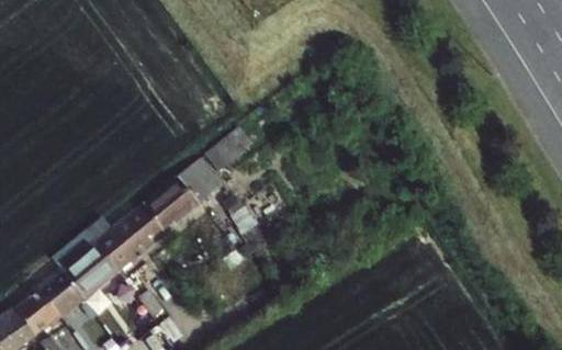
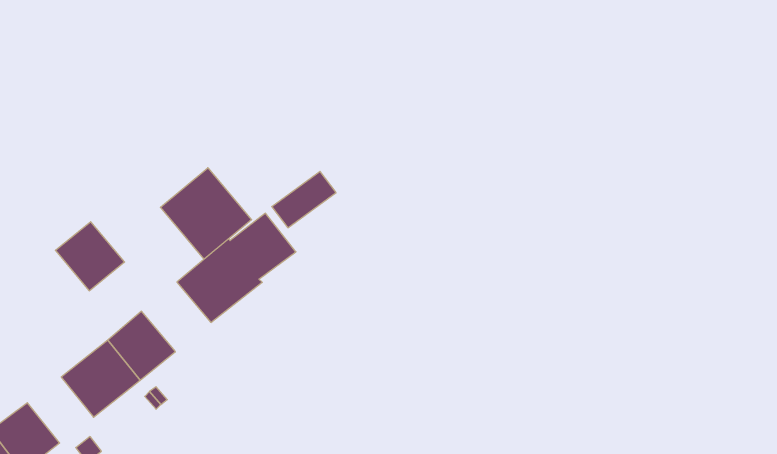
building: none -> [160,168,252,259]
building: [99,221,146,268] -> [55,222,125,291]
building: [21,285,66,330] -> none

